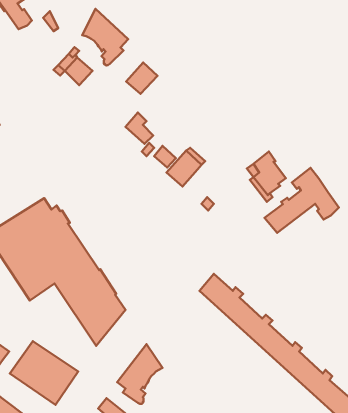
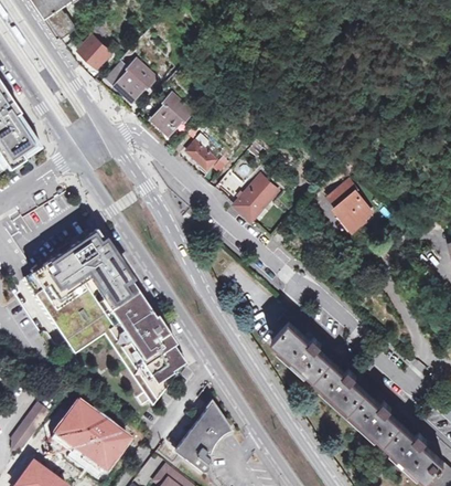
building: [82,9,128,66] -> none
building: none -> [79,34,114,67]
building: [126,63,157,94] -> [148,103,184,139]
building: [265,168,339,233] -> none

